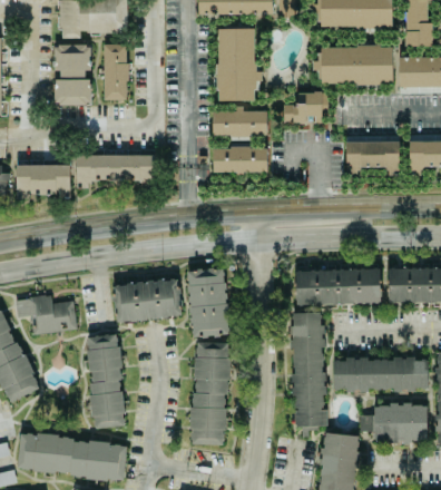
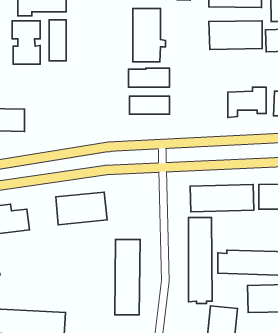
building: [283,92,322,125] -> none
building: [76,155,154,188] -> none
building: [188,270,228,337] -> none
building: [86,335,125,429] -> none

